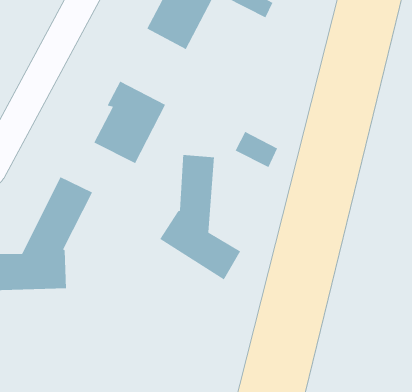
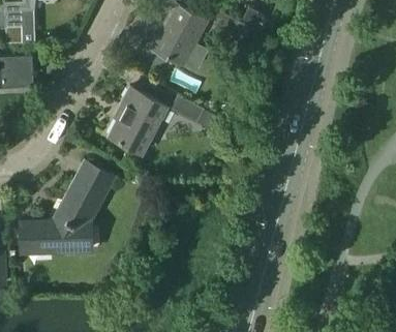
building: [234,131,278,168] -> [171,95,205,124]
building: [159,154,241,280] -> none

